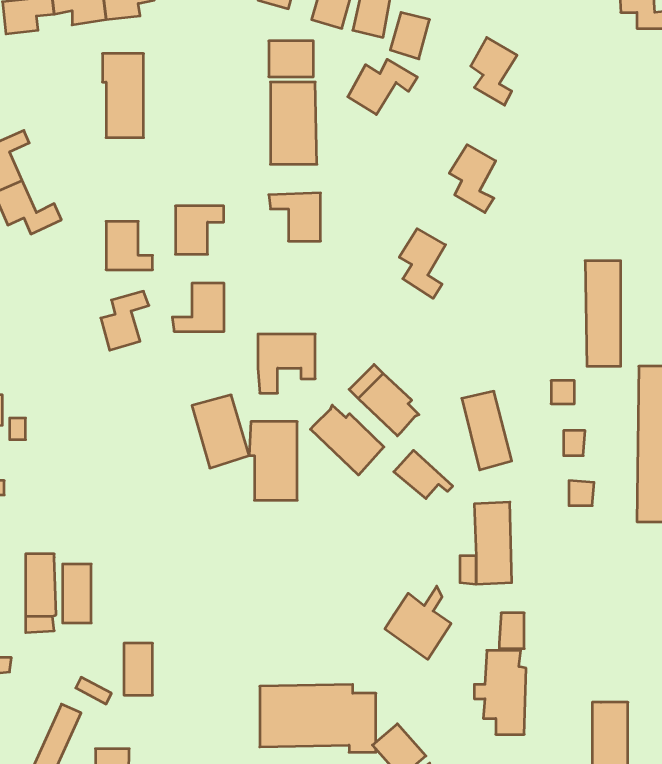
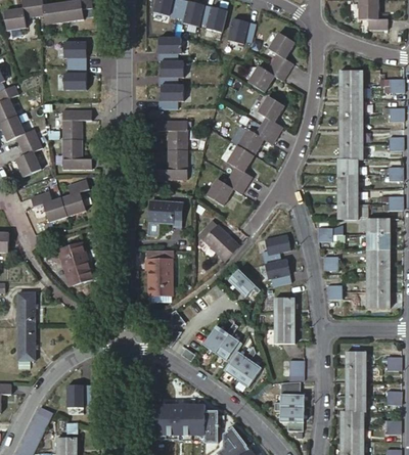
building: [348,59,417,115] -> [252,60,291,92]
building: none -> [339,72,363,160]
building: none -> [241,122,280,150]
building: [175,206,224,254] -> [63,109,91,137]
building: none -> [15,136,42,172]
building: none -> [212,170,251,200]
building: [172,283,224,331] -> [156,148,186,176]
building: none -> [30,187,65,216]
building: [192,395,249,468] -> [57,237,90,279]
building: [310,405,384,475] -> none
building: none -> [203,322,241,362]
building: [63,564,91,623] -> [17,293,34,327]
building: none -> [347,353,365,412]

